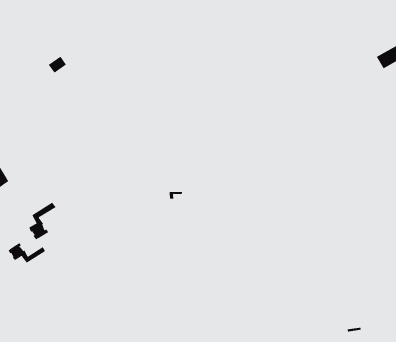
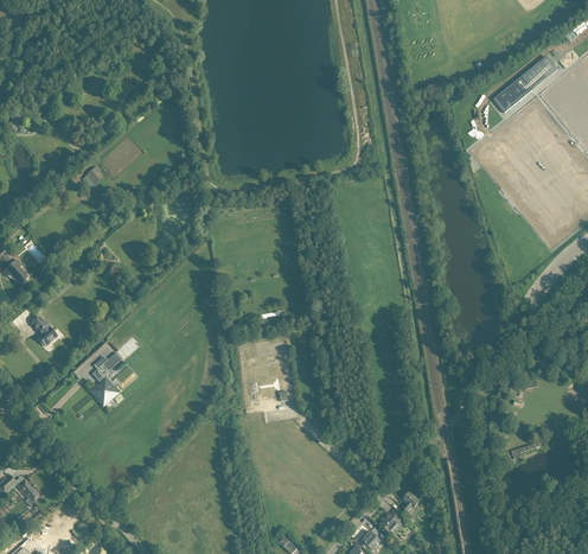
building: [8,242,46,263] -> none

